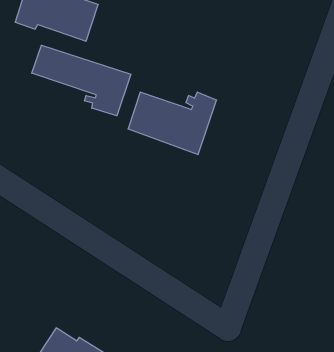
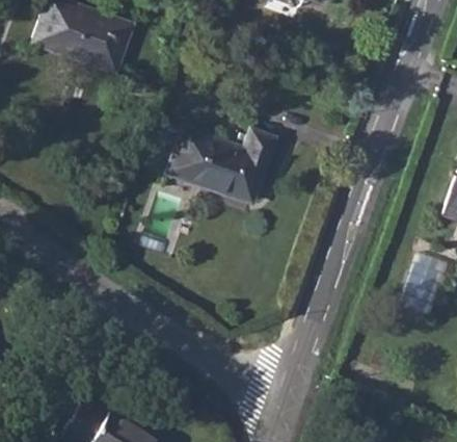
building: [32,45,131,116] -> none

